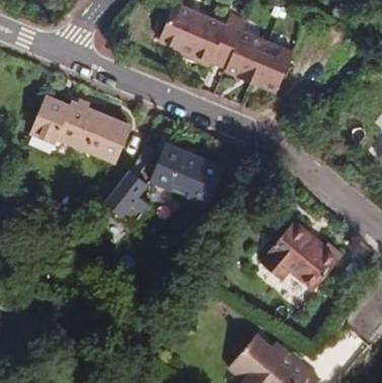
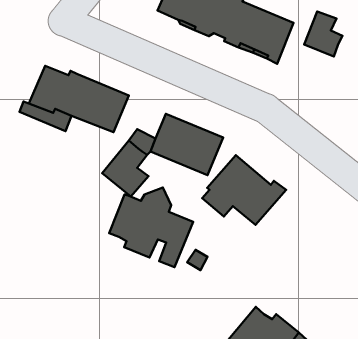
building: none -> [304,11,343,56]
building: none -> [109,187,193,267]
building: [260,220,343,289] -> [202,155,286,225]

